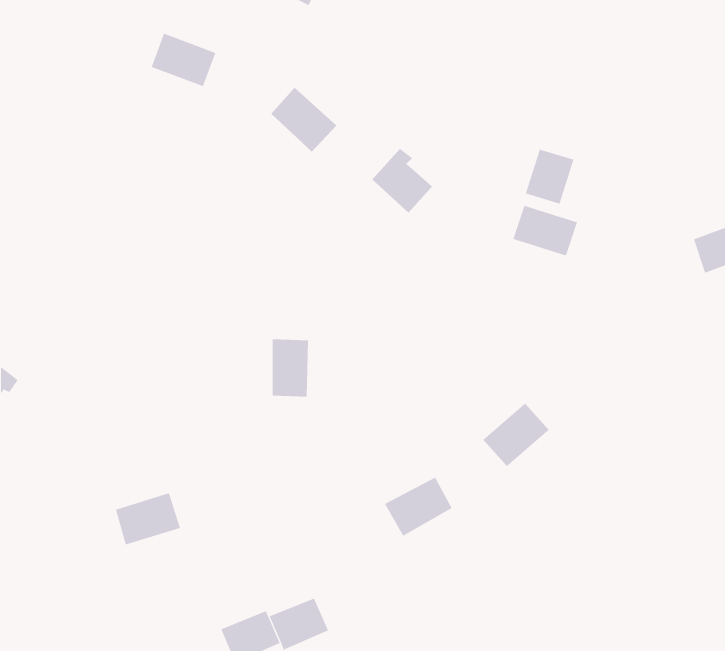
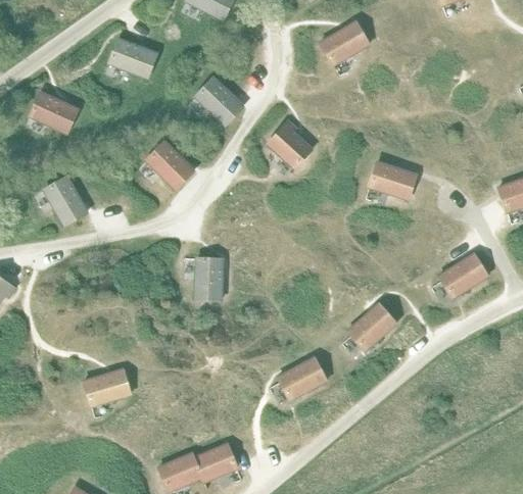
building: none -> [321,21,369,65]
building: none -> [30,92,78,133]
building: [525,149,574,204] -> none
building: none -> [146,141,194,189]
building: none -> [44,177,88,225]
building: none -> [439,254,487,298]

